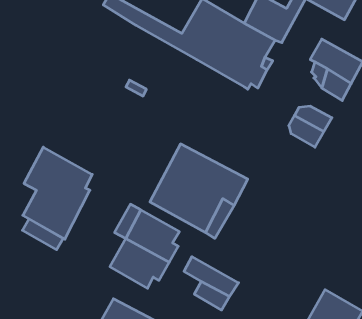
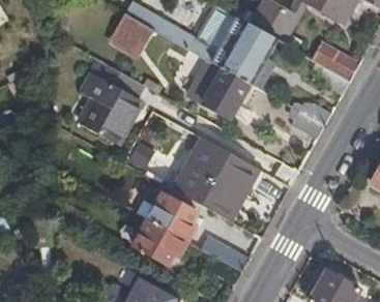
building: none -> [109,8,155,56]
building: none -> [193,58,254,115]
building: [23,147,92,239] -> [79,58,142,142]

